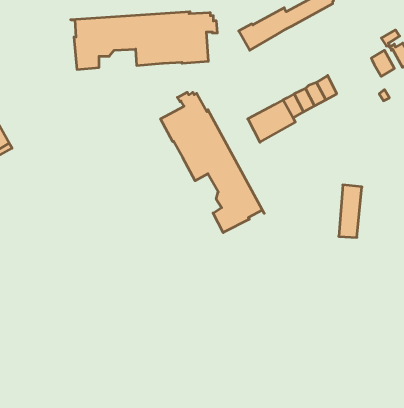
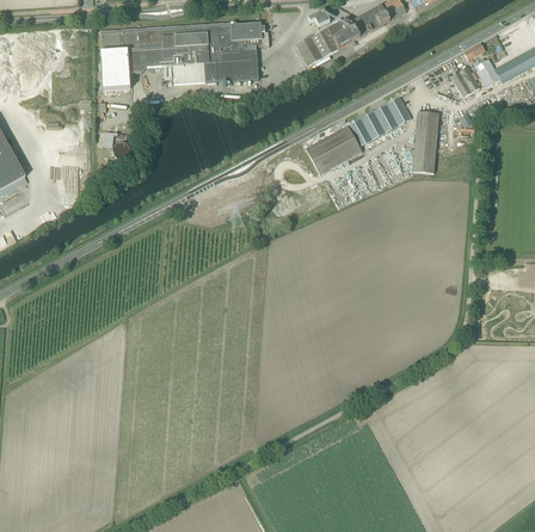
building: [161,92,264,233] -> none
building: [339,185,362,237] -> [412,110,439,172]

